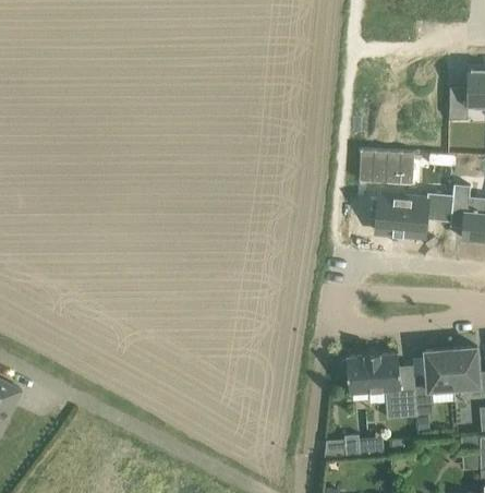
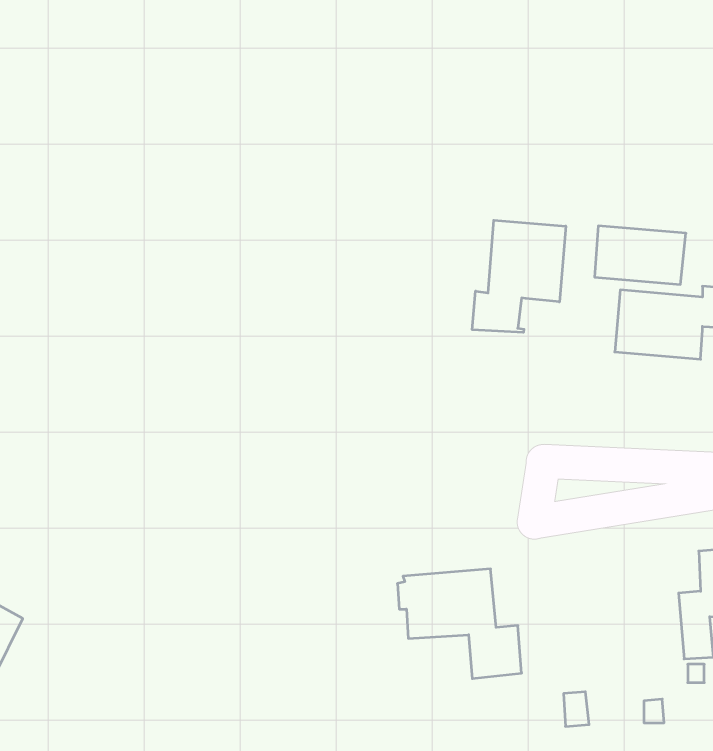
building: none -> [472,220,566,332]
building: [342,352,416,418] -> [397,569,522,679]

